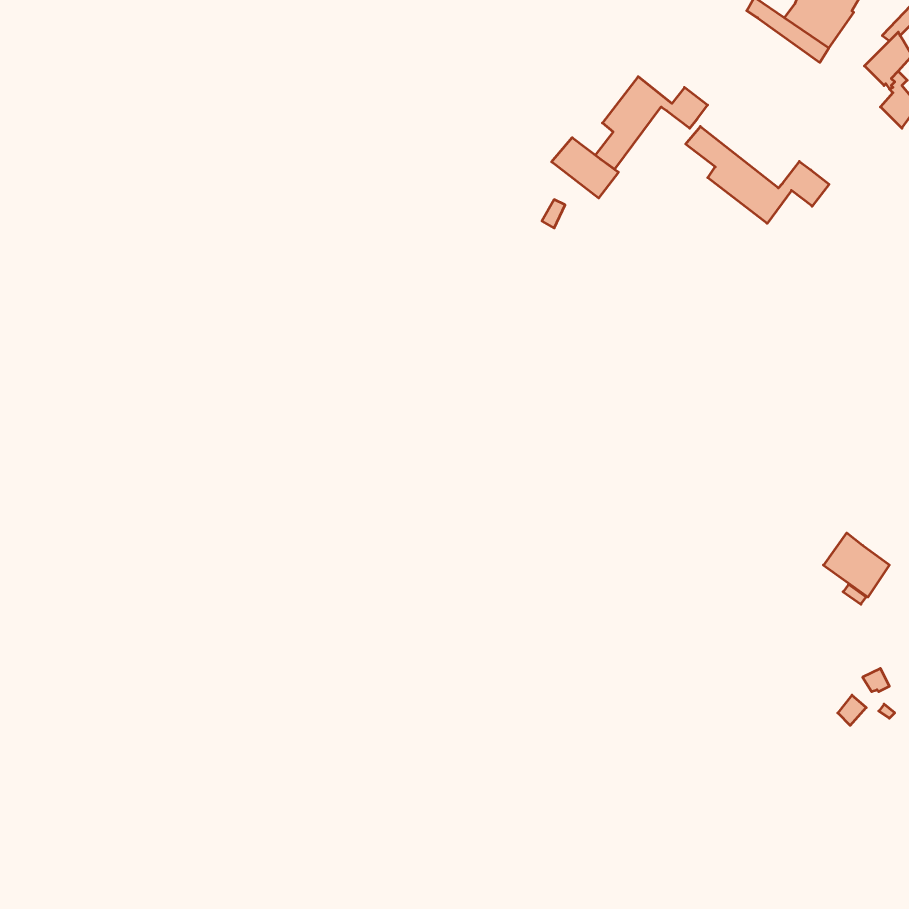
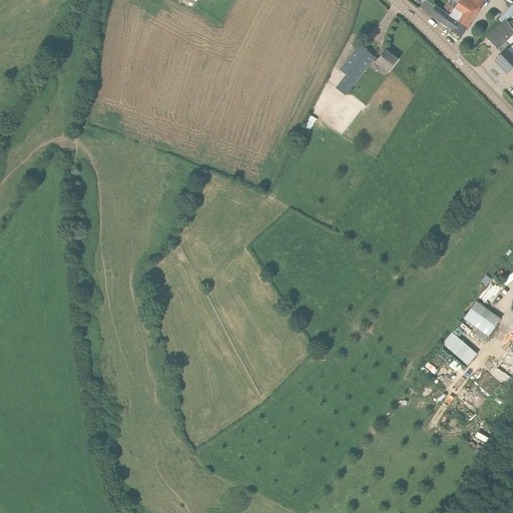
building: [686,126,829,223] -> none
building: [552,138,618,198] -> none
building: none -> [443,331,478,364]

